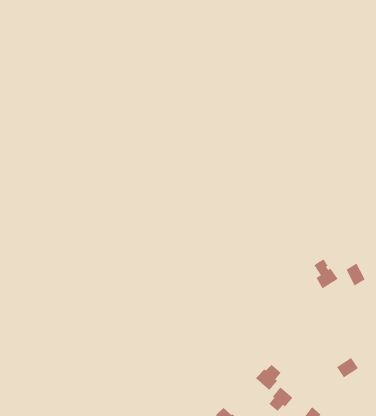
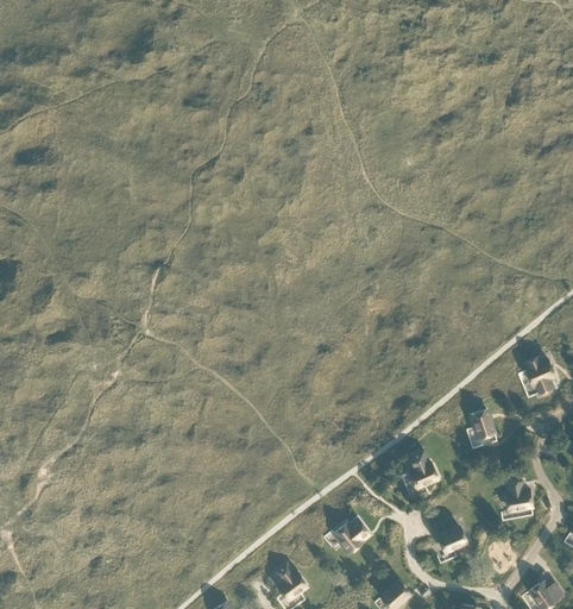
building: [314,259,338,289] -> [409,451,437,489]
building: [269,386,293,412] -> none

